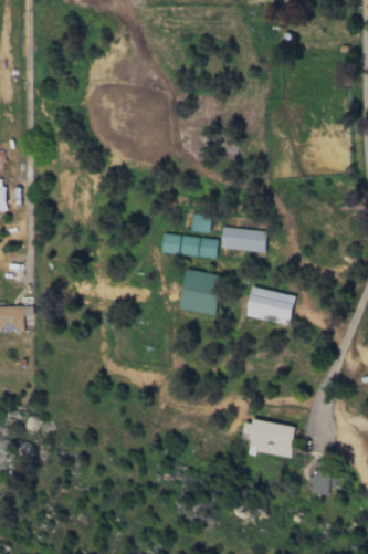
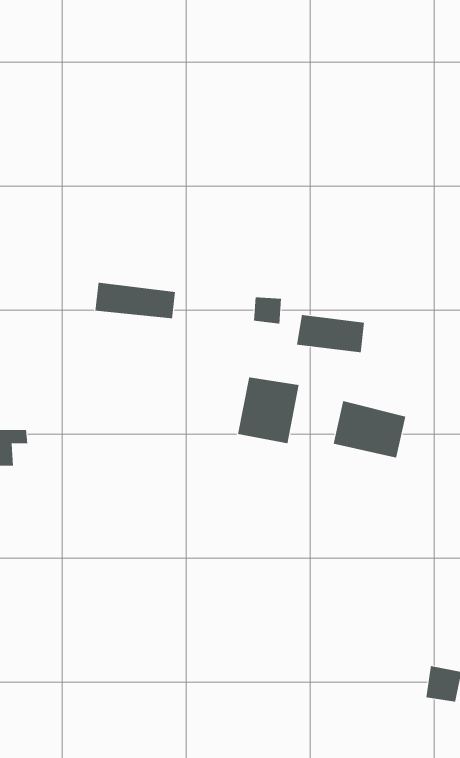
building: [160,232,217,258] -> [95,282,176,319]
building: [241,418,295,458] -> none

